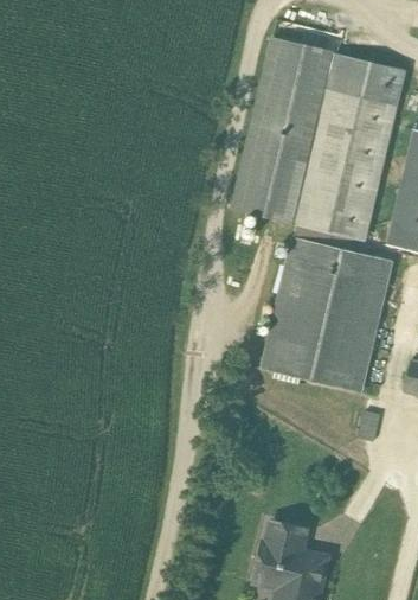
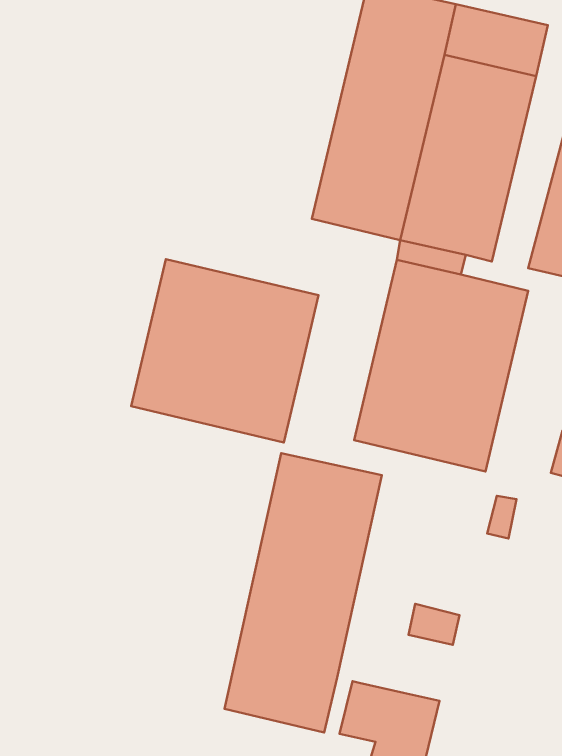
building: none -> [131,259,318,442]
building: none -> [224,453,382,732]
building: [266,522,303,551] -> [409,604,459,645]

